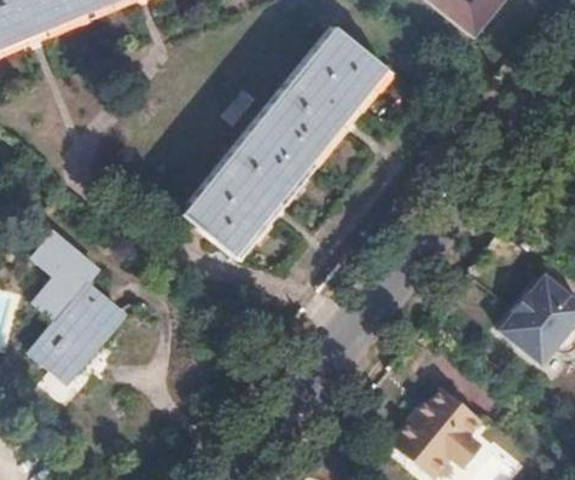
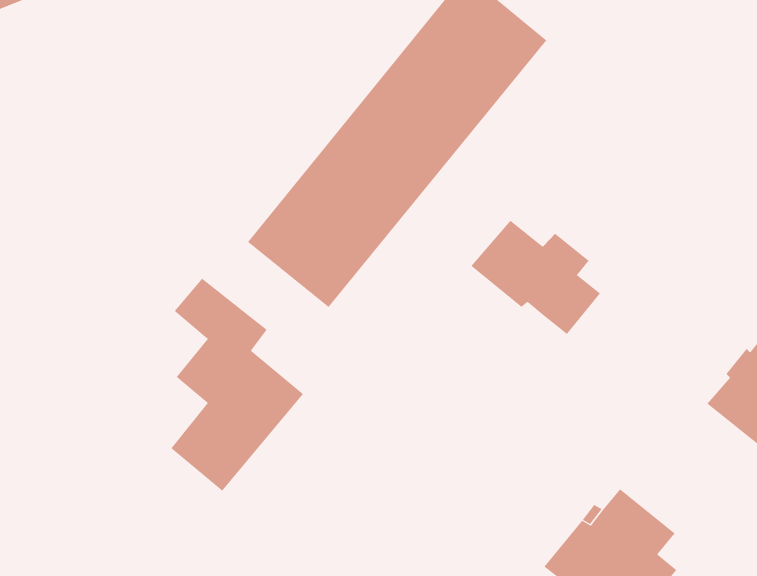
building: none -> [471,220,601,335]
building: [29,232,122,381] -> [170,278,304,491]

